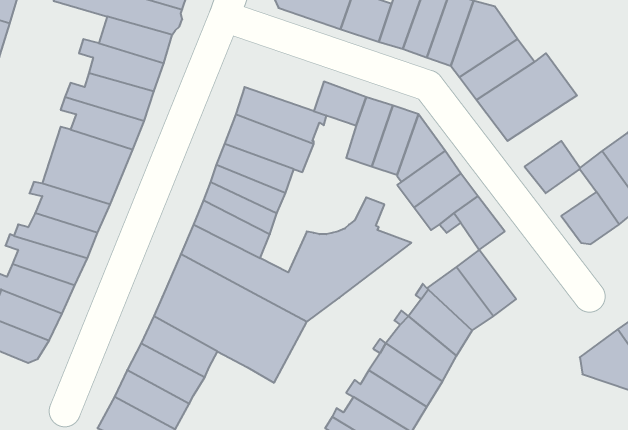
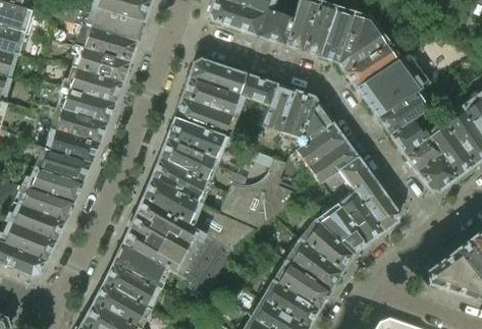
building: none -> [189,58,246,94]
building: none -> [378,88,433,133]
building: none -> [406,135,442,169]
building: none -> [358,180,398,229]

